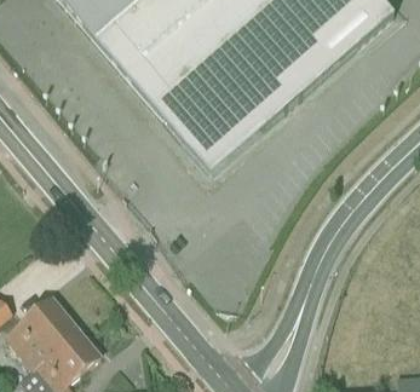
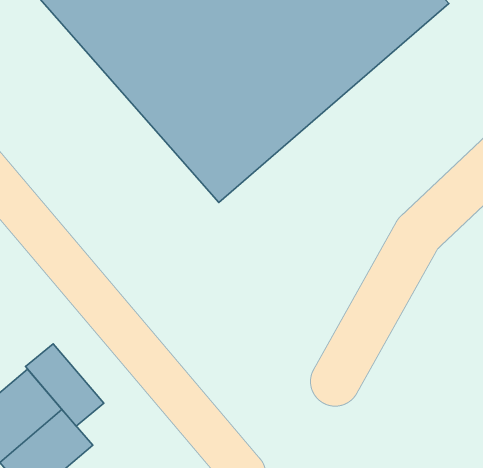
building: none -> [26,344,104,426]

